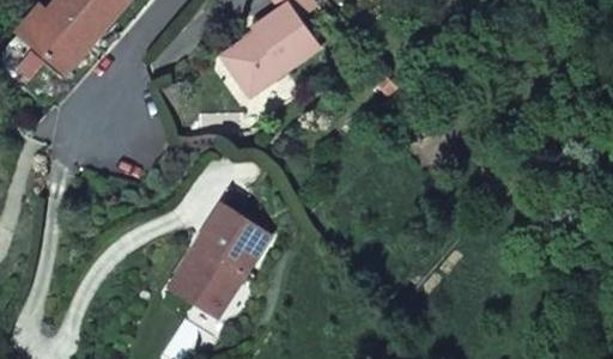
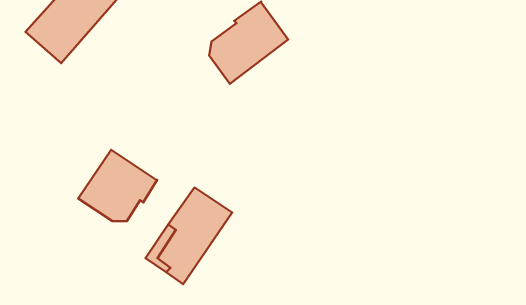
building: none -> [78,150,157,221]

